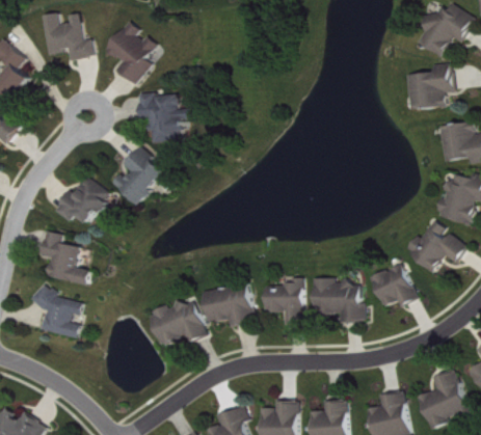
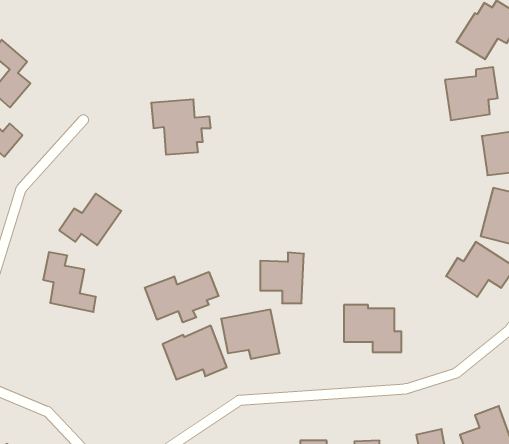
building: [42,12,92,59] -> none
building: [104,23,156,85] -> none
building: [111,146,165,205] -> none
building: none -> [145,272,219,322]
building: [369,264,415,306] -> none
building: [263,277,302,323] -> [260,253,304,303]
building: [31,284,80,338] -> none

